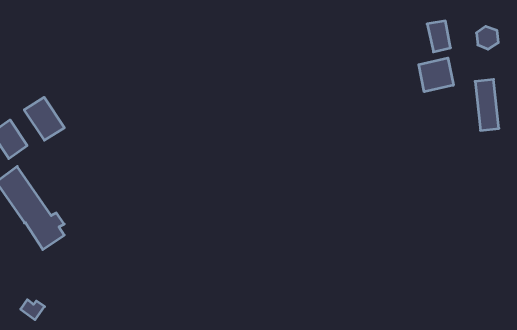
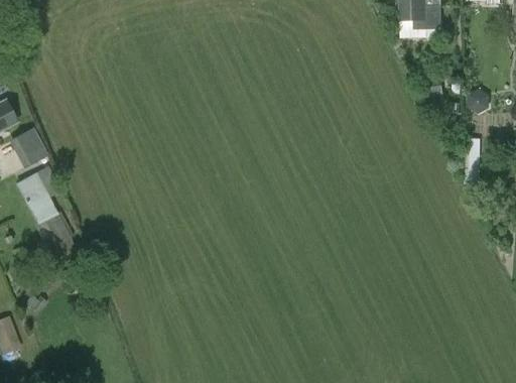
building: [419,58,453,92] -> none
building: [24,97,64,140] -> none

